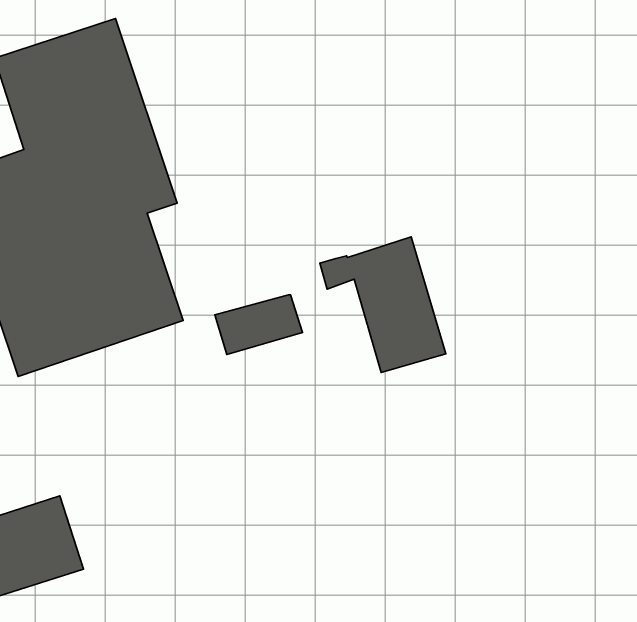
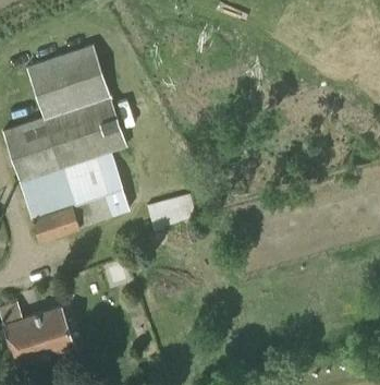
building: [320,237,446,373] -> none

